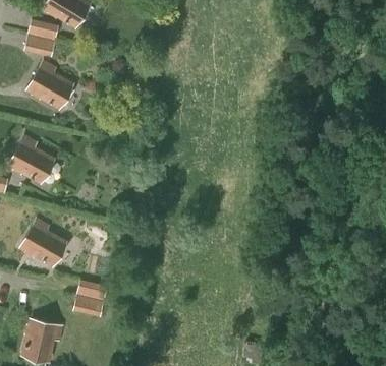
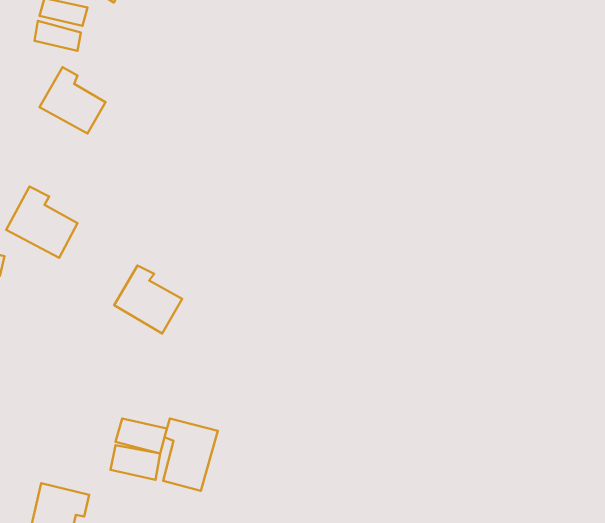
building: [21,222,63,263] -> [114,266,182,334]
building: none -> [163,419,218,491]

